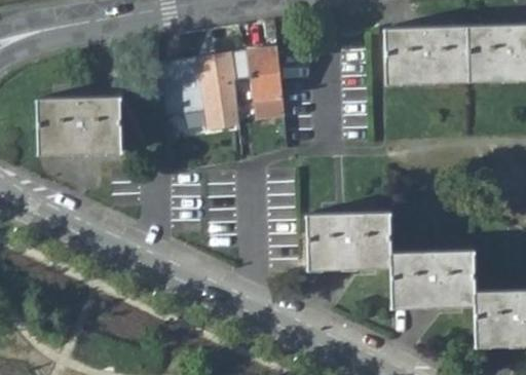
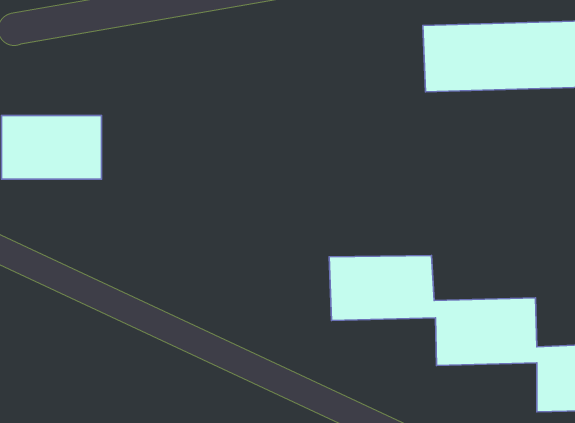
building: [159,47,287,133] -> none

